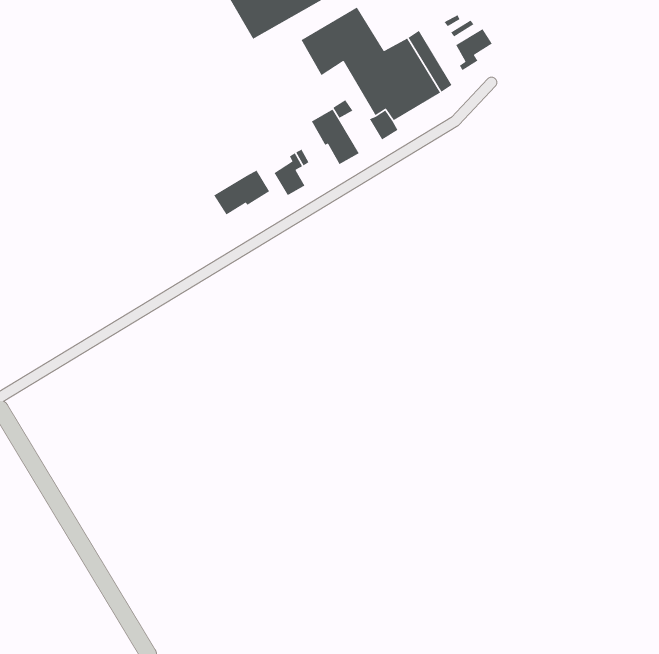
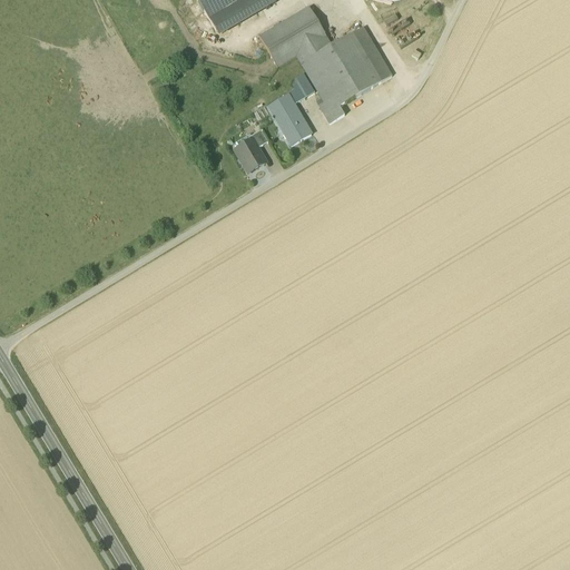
building: [455,28,493,71] -> none
building: [213,169,270,216] -> none

